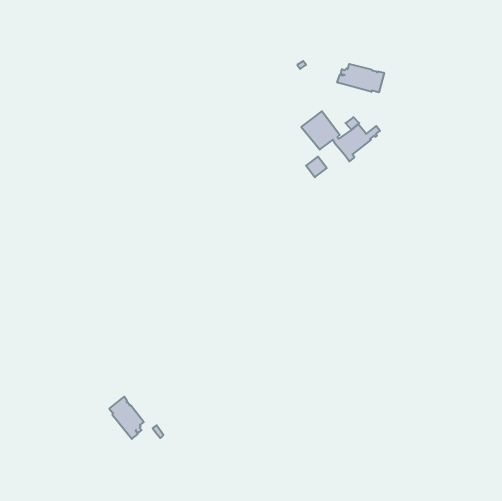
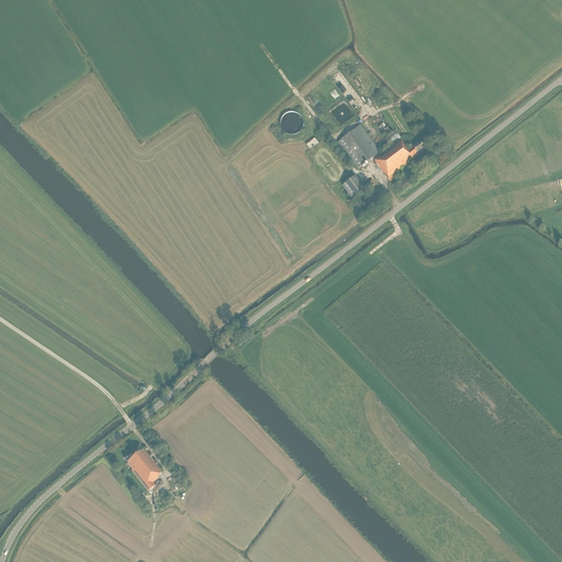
building: [337,64,384,92] -> none

